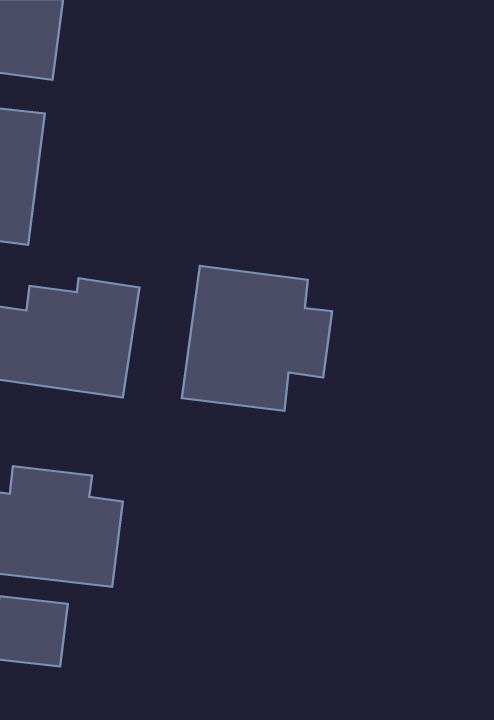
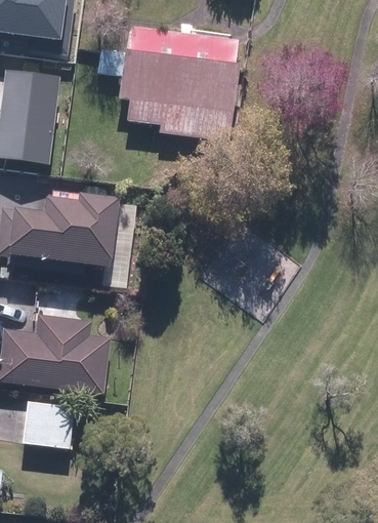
building: none -> [120,27,240,143]
building: [182,266,332,411] -> none

